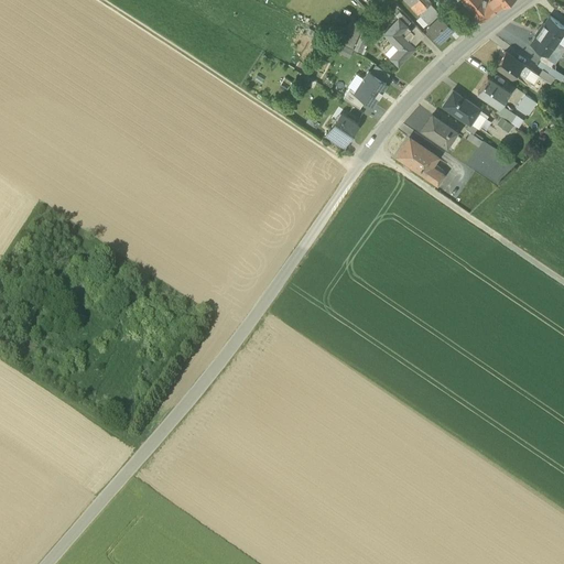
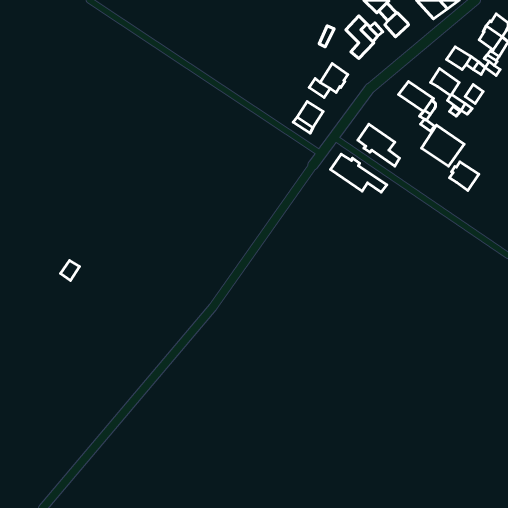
building: [421,115,456,147] -> none
building: none -> [331,154,387,192]
building: none -> [450,162,479,190]

